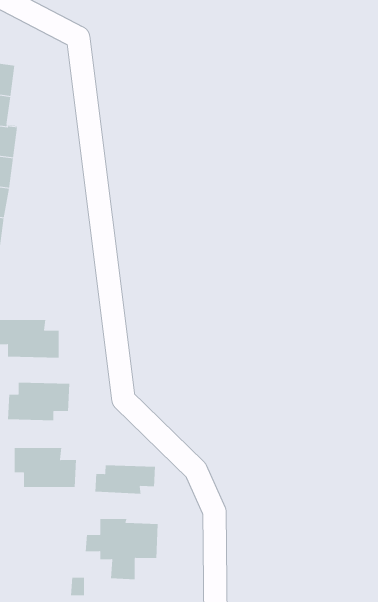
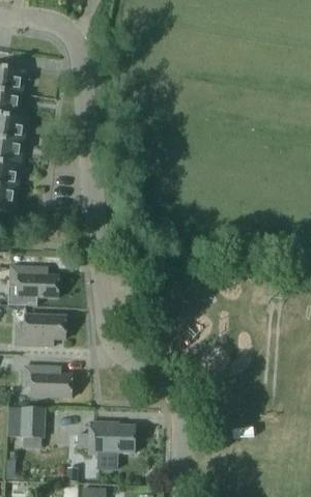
building: [95,464,156,495] -> none
building: none -> [20,407,44,437]

